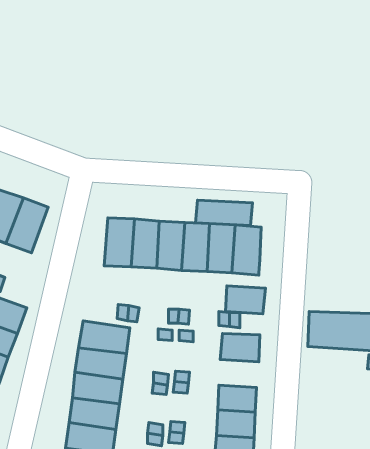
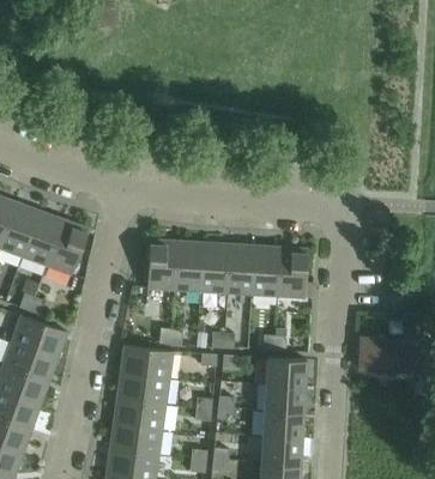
building: [196,200,252,226] -> none
building: [226,286,265,314] -> [264,384,304,413]

